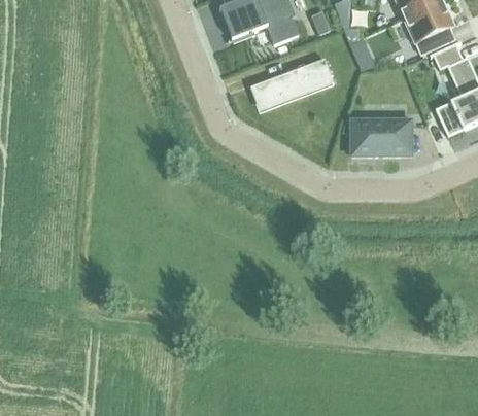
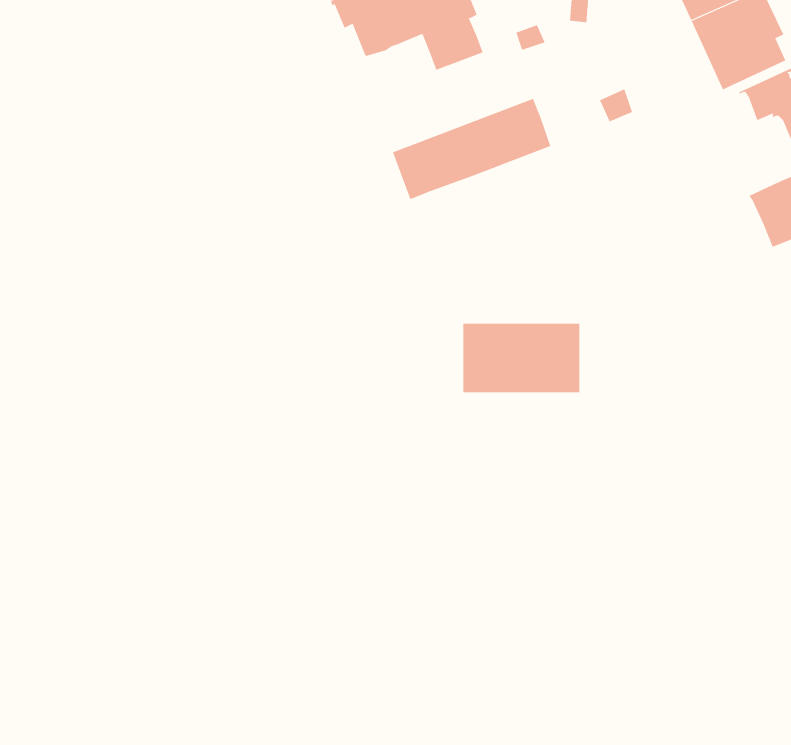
building: [350,119,411,155] -> [463,323,580,393]

